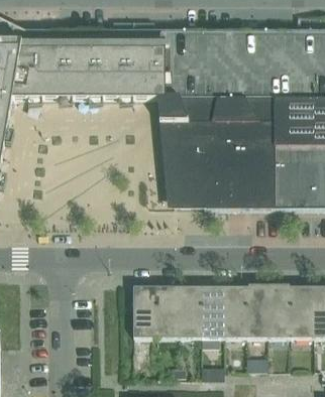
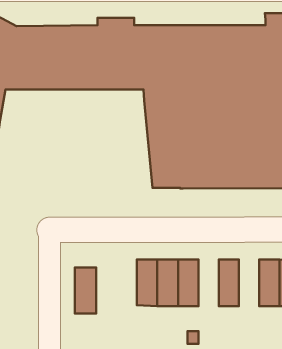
building: [133,287,156,338] -> [75,268,96,314]
building: [224,287,246,339] -> none
building: [268,287,291,339] -> none

